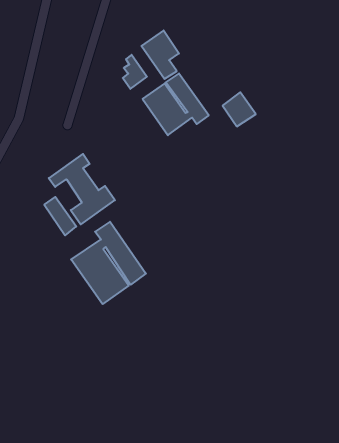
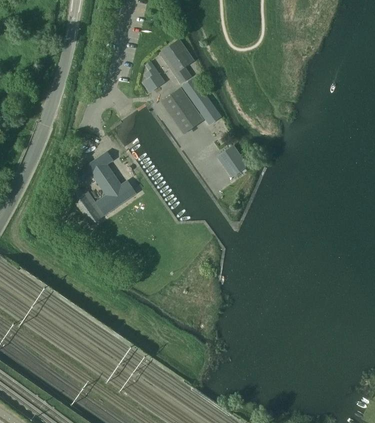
building: [223,92,256,126] -> [218,145,248,176]
building: [71,222,146,304] -> none

